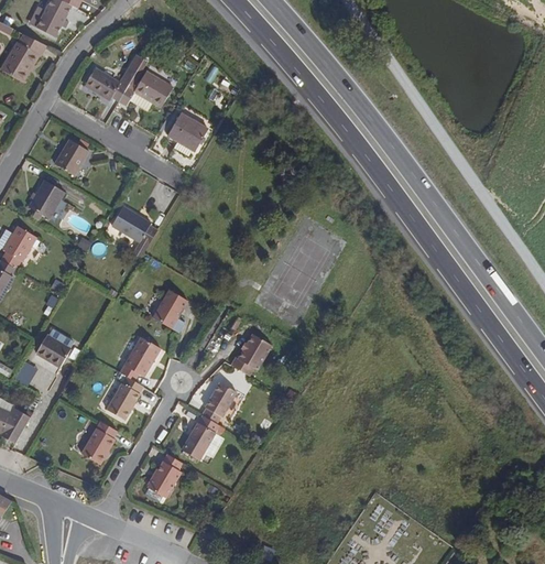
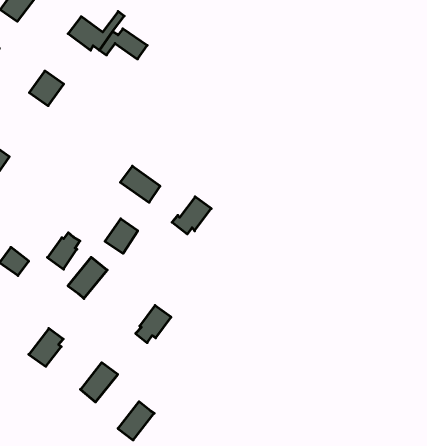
building: [172,118,205,155] -> none
building: [24,176,62,216] -> none
building: [110,200,155,239] -> [120,166,160,202]
building: [228,332,270,375] -> [172,197,211,234]
building: [111,379,145,421] -> [47,233,80,269]
building: [181,415,219,459] -> [118,402,154,440]

